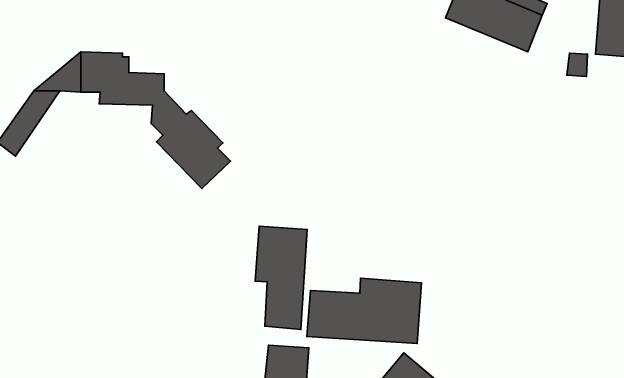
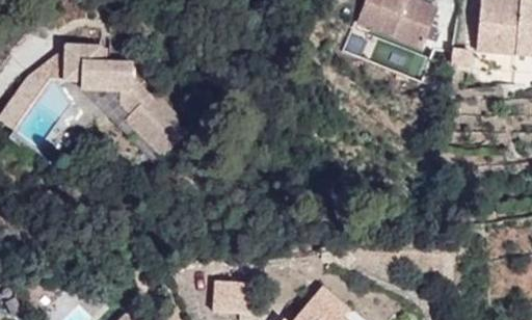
building: [255,226,307,329] -> none
building: [307,278,421,344] -> none

